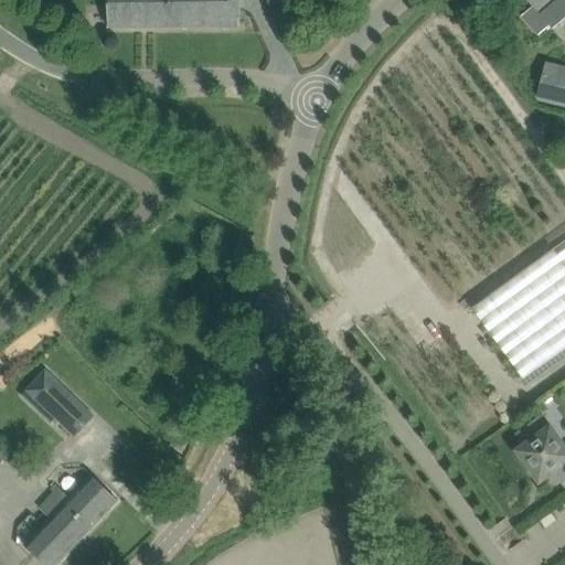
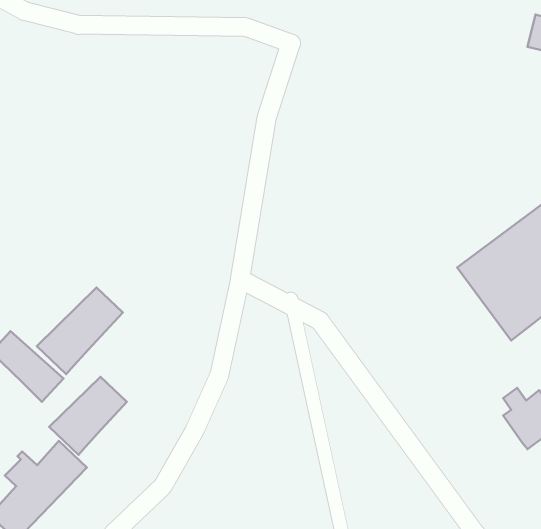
building: none -> [37,287,123,374]
building: none -> [49,377,127,455]

